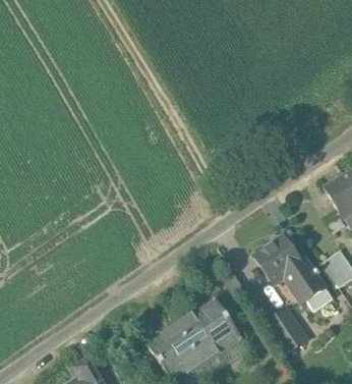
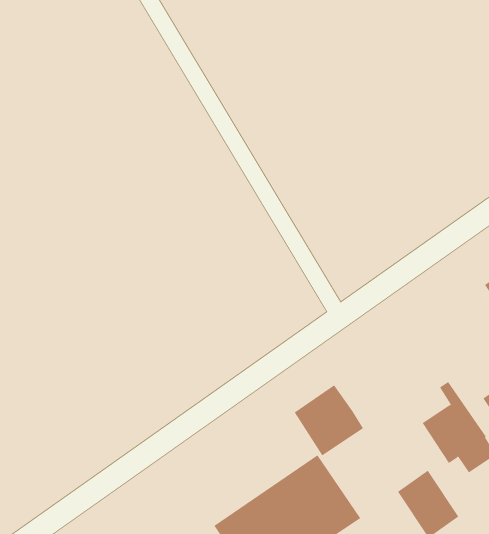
building: [255,237,301,284] -> [294,385,364,456]

